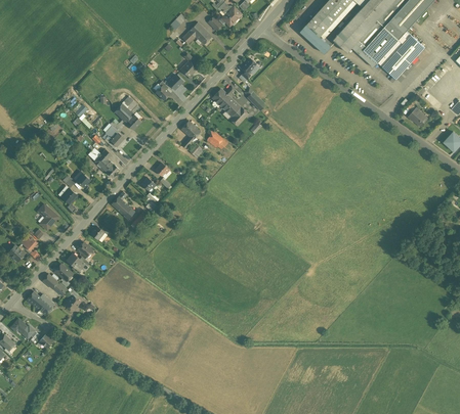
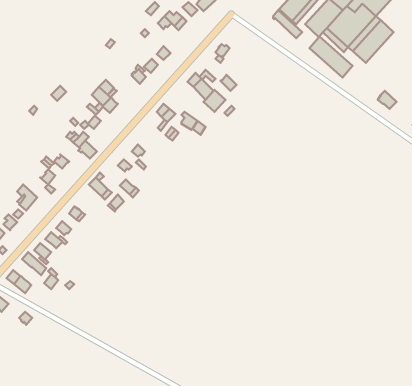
building: none -> [309,36,353,77]

